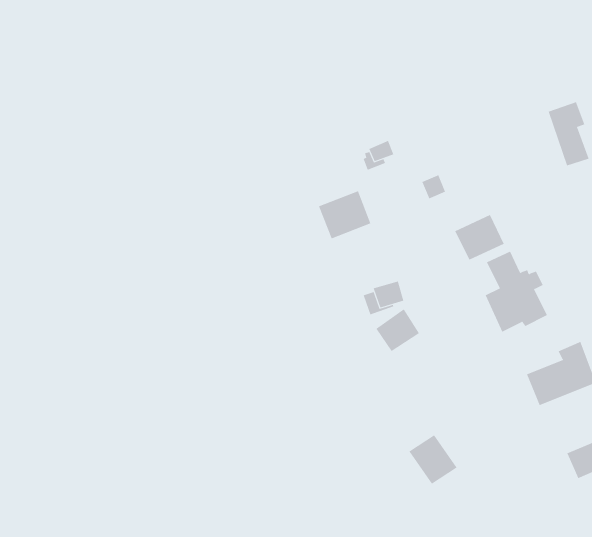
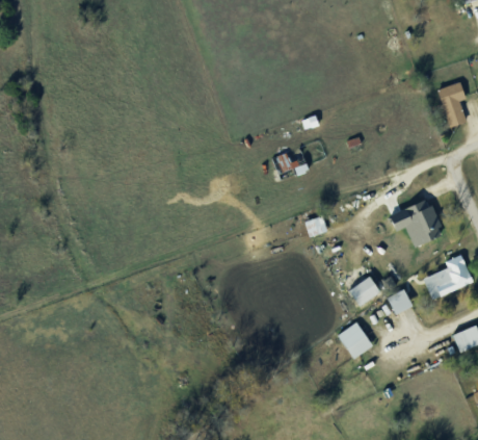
building: [455,214,504,261] -> none
building: [375,309,420,352] -> [349,276,381,307]
building: none -> [388,287,414,314]

